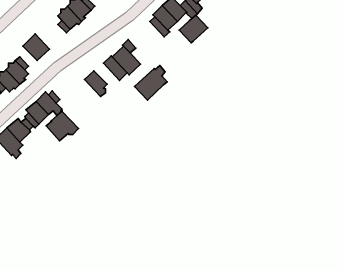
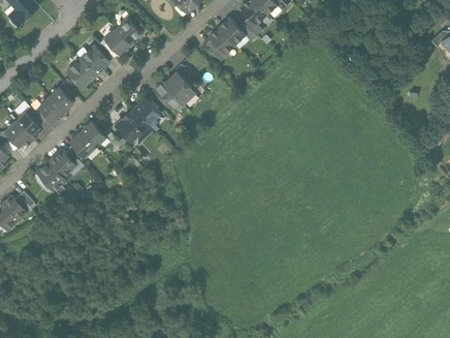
building: [179,15,208,43] -> none
building: none -> [81,45,109,74]
building: [135,66,167,100] -> none
building: [46,111,78,141] -> [117,106,152,140]

